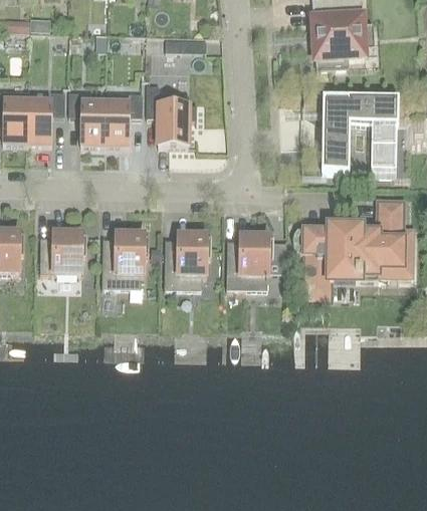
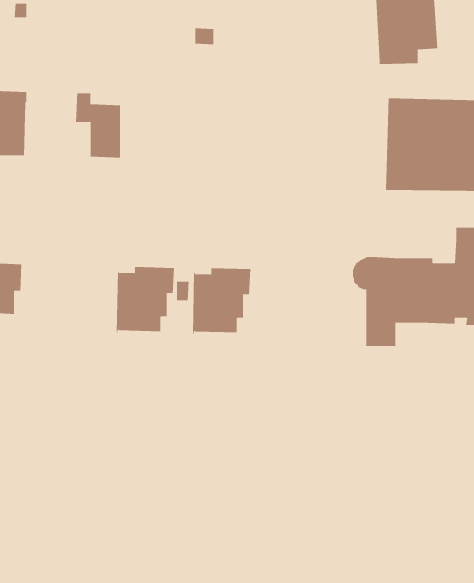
building: [147,82,197,144] -> none
building: [27,88,65,142] -> none
building: [105,89,143,143] -> none
building: [40,230,87,271] -> none
building: [227,233,286,287] -> none

